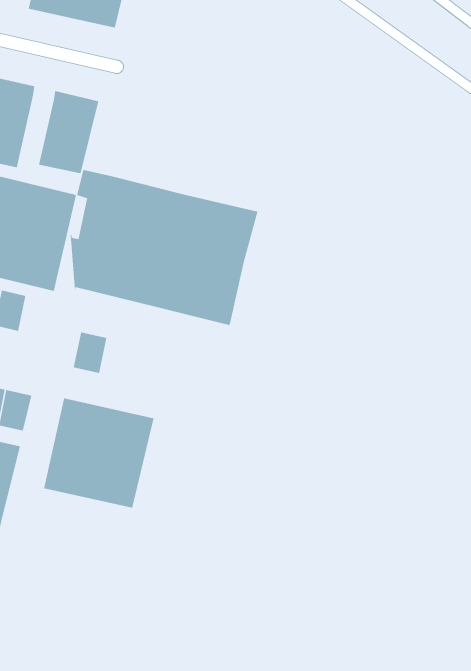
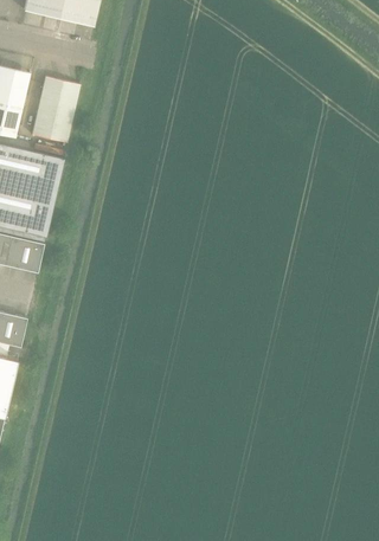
building: [70,169,258,326] -> none
building: [73,332,107,374] -> [17,239,44,272]
building: [43,398,154,508] -> none

